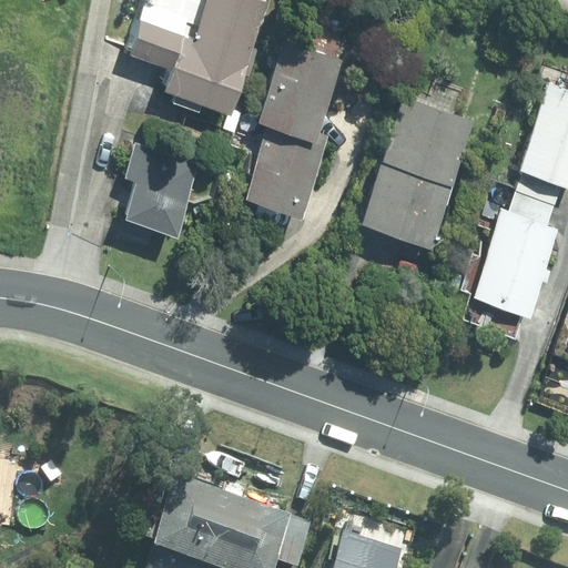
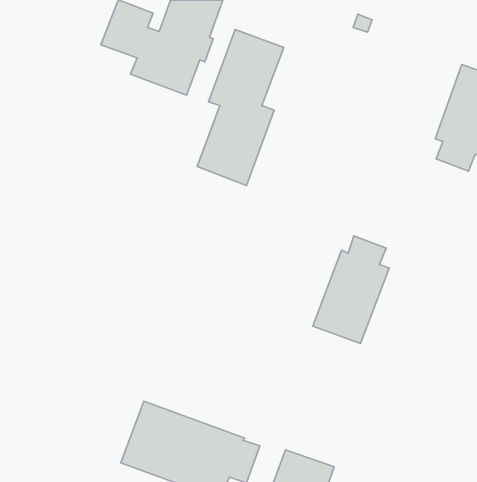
building: [357,99,475,251] -> none
building: [121,144,200,239] -> none
building: [471,190,560,315] -> [313,236,389,343]

